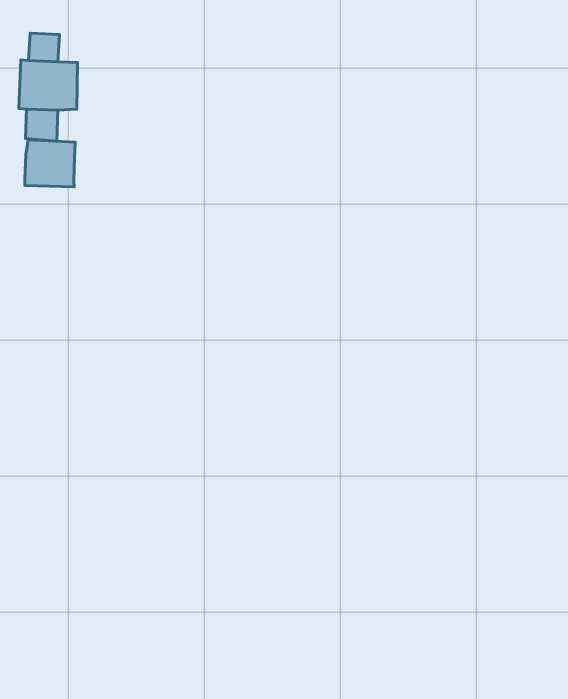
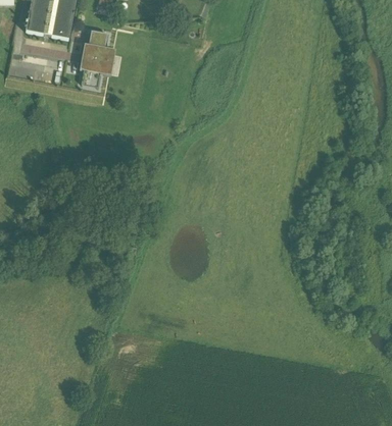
building: [25,140,75,187] -> none

